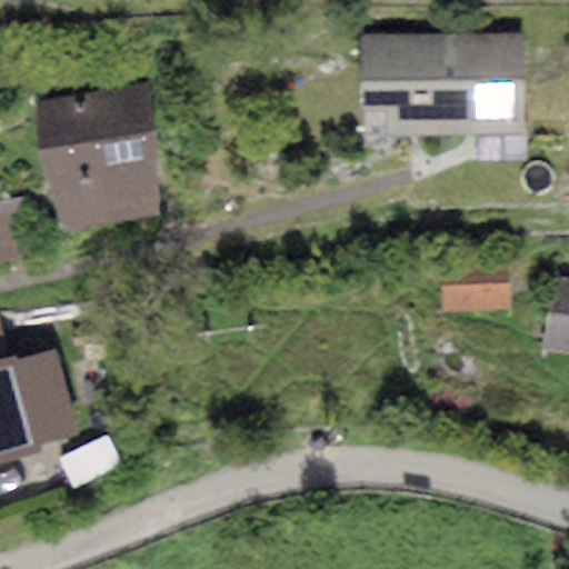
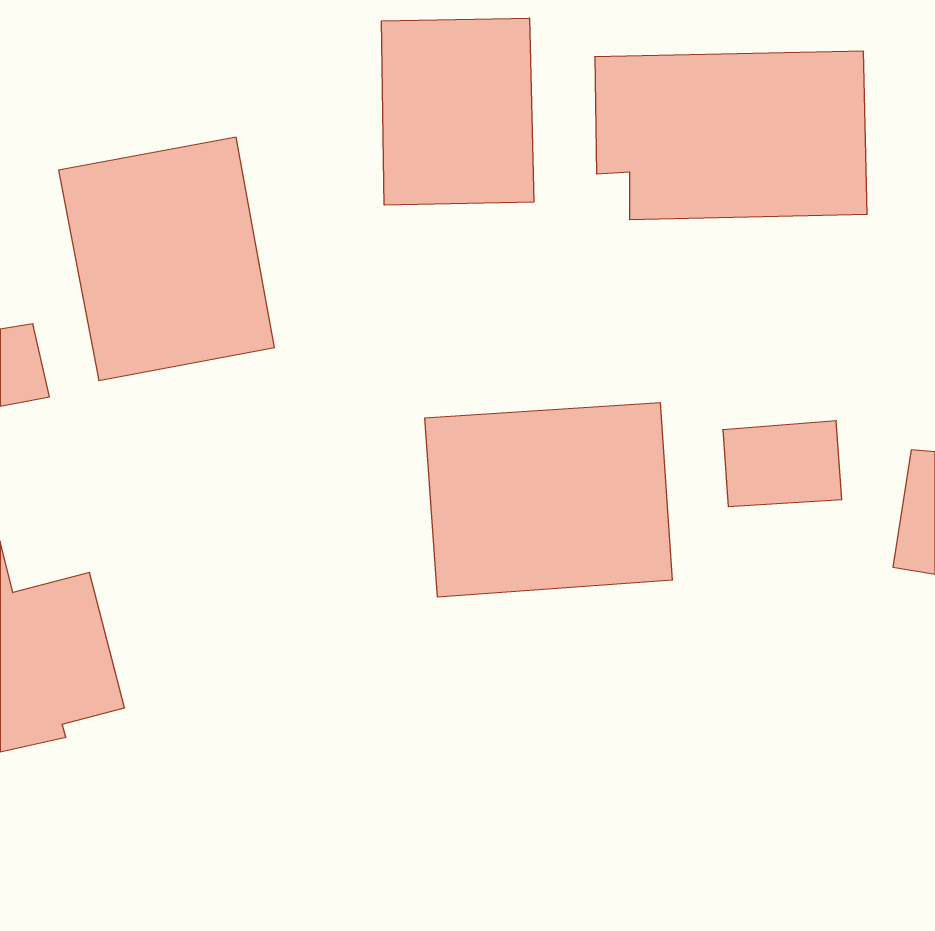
building: none -> [382,18,534,205]
building: none -> [425,403,672,597]

